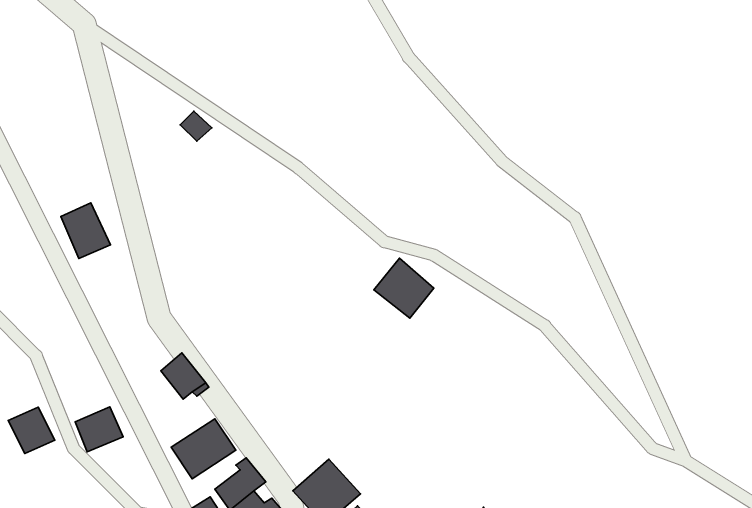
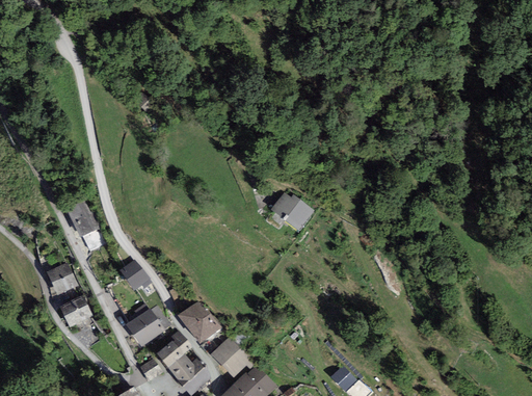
building: [61,203,110,258] -> [65,197,100,236]
building: [8,407,55,454] -> [45,262,77,294]
building: none -> [177,299,220,343]

